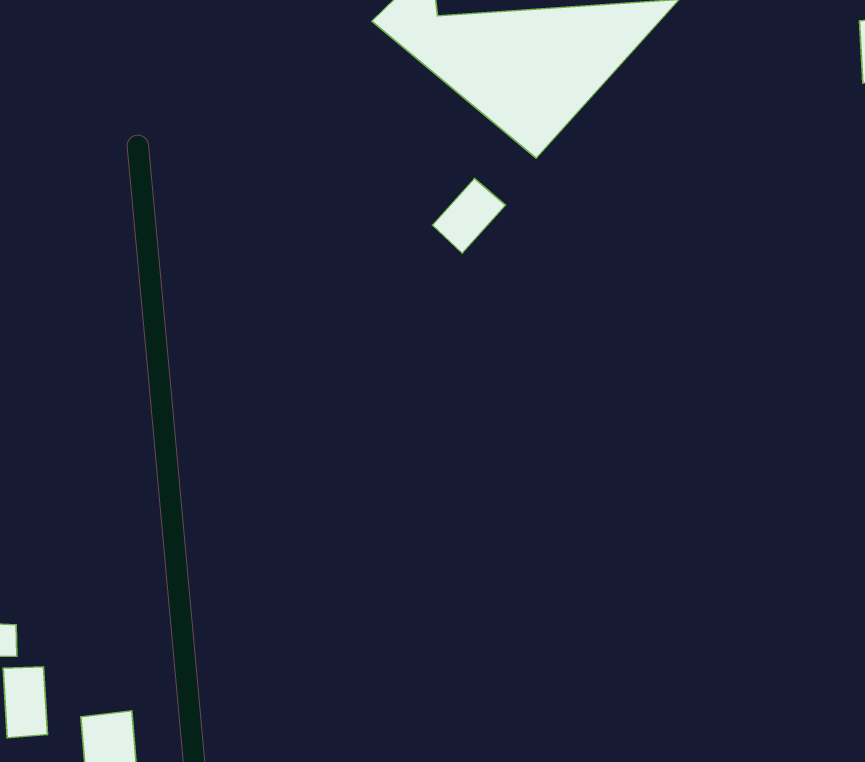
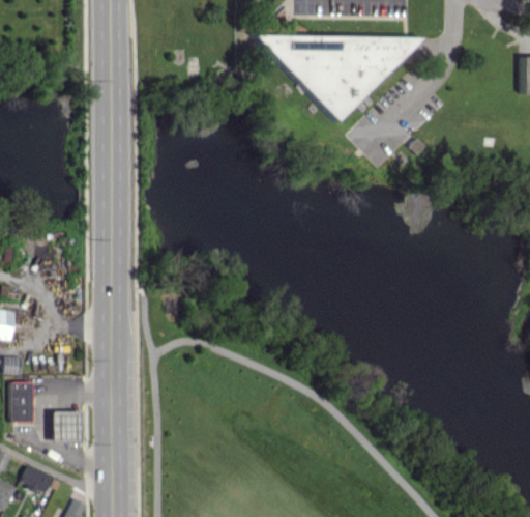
building: [432,178,505,253] -> none

